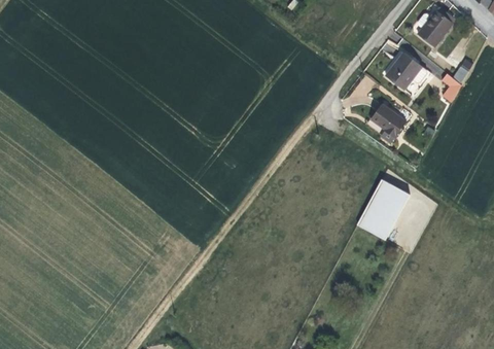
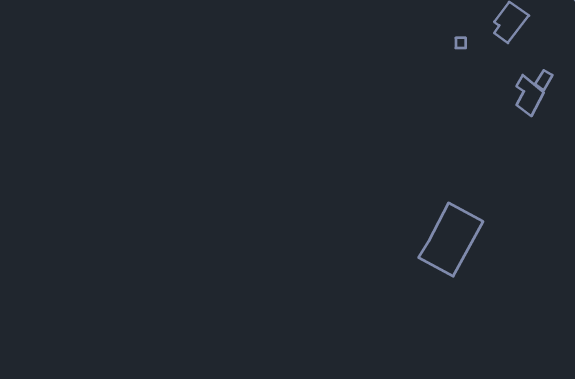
building: [385,54,426,95] -> none
building: [368,105,404,138] -> none

